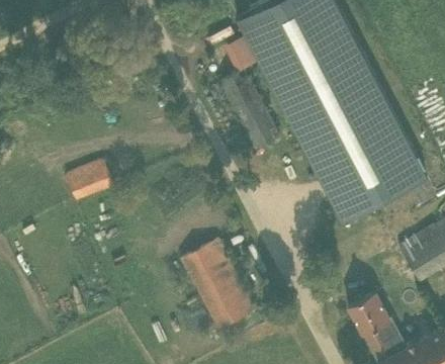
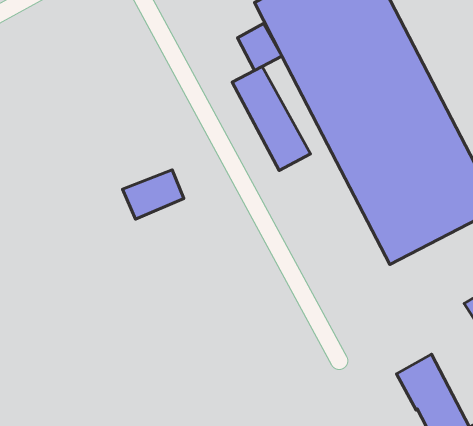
building: [65,162,112,200] -> [122,170,184,219]
building: [181,240,255,330] -> none

